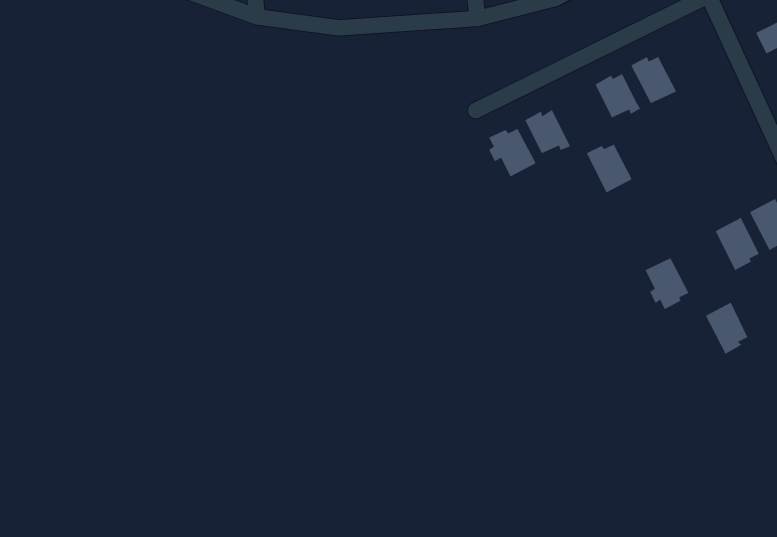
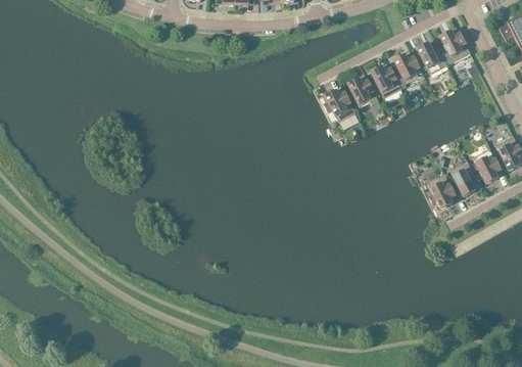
building: none -> [439,30,470,62]
building: [586,144,633,193] -> [371,65,401,98]
building: [705,302,748,355] -> [449,160,478,195]

